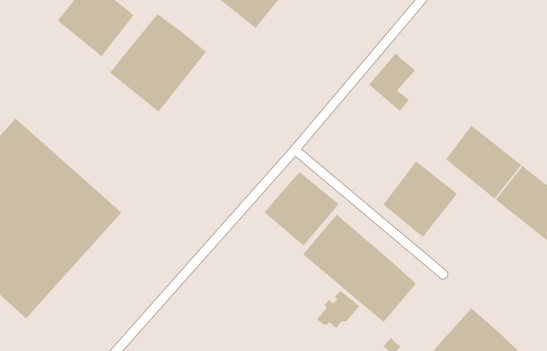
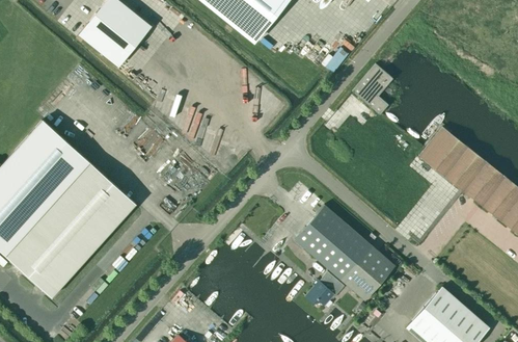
building: [109,13,207,112] -> none
building: [382,161,458,238] -> none
building: [264,171,339,246] -> none

